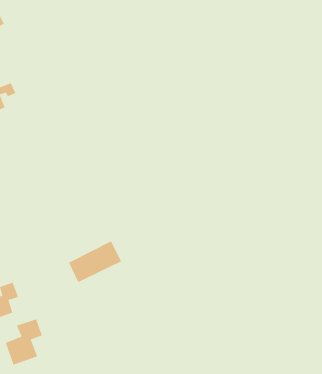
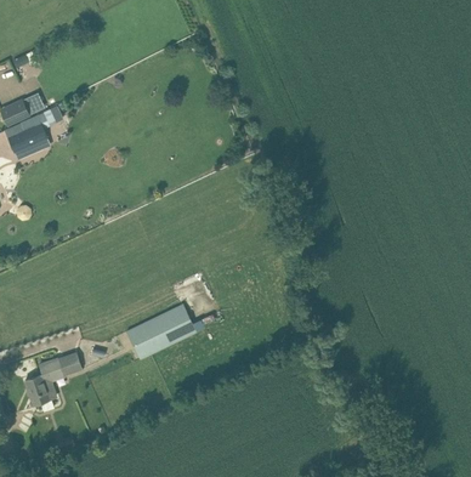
building: [5,319,43,366] -> none

